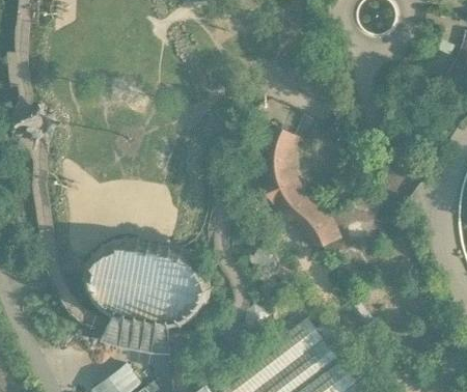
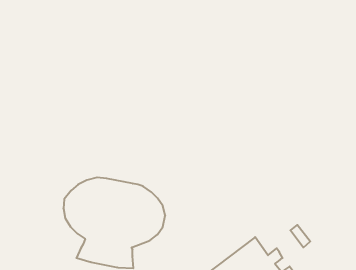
building: [266,128,339,248] -> none

